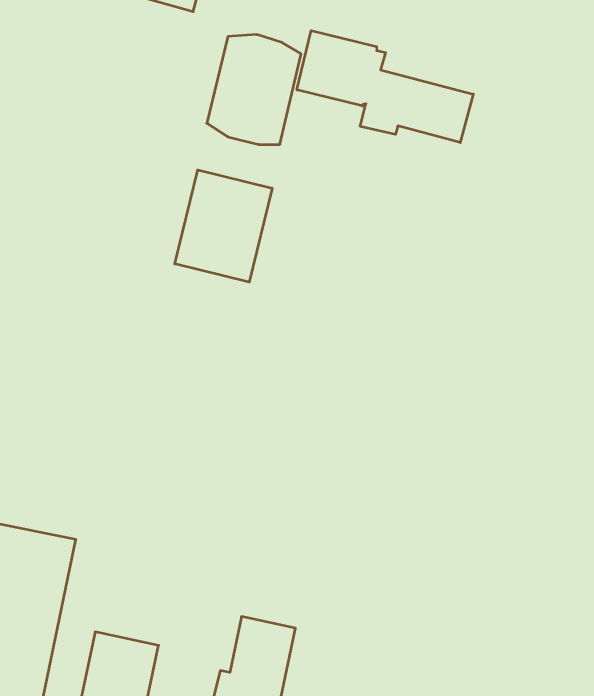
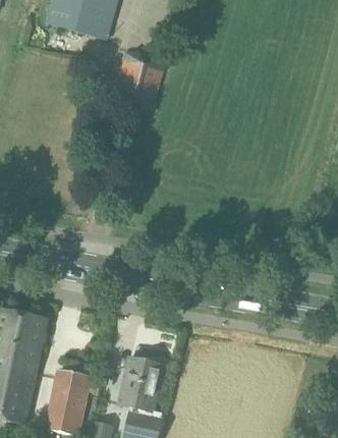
building: [297,31,473,143] -> none
building: [175,170,272,282] -> none

